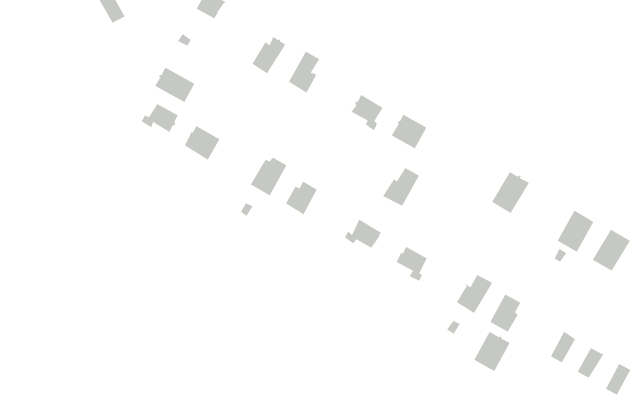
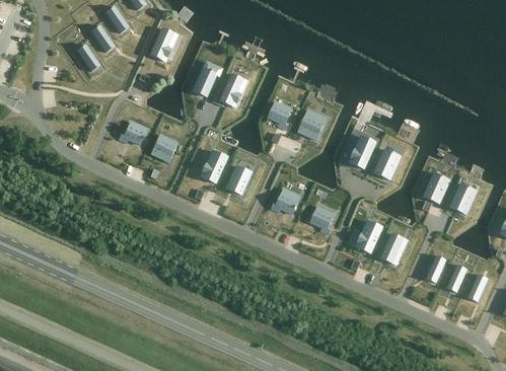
building: [154,67,195,103] -> none
building: [382,167,420,207] -> [349,138,374,166]
building: [474,331,511,372] -> none

